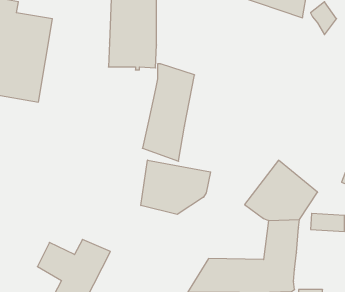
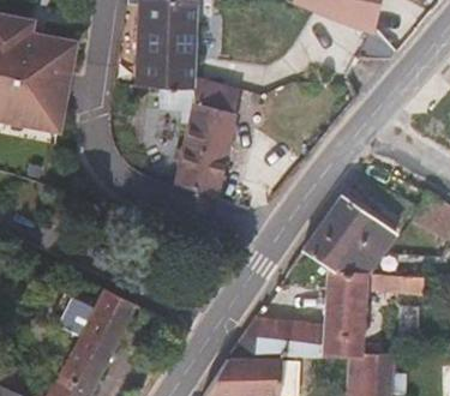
building: [141,160,211,214] -> none

